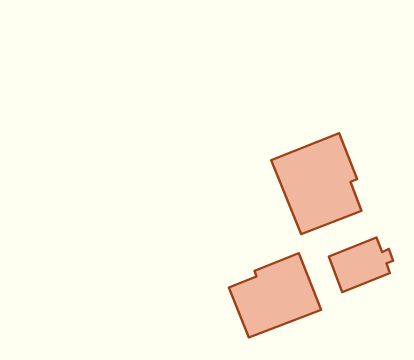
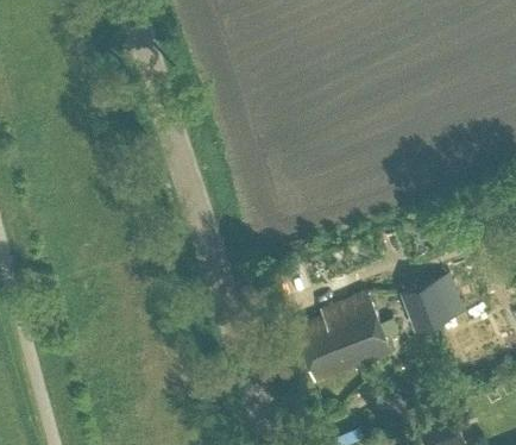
building: [271,133,361,234] -> none

